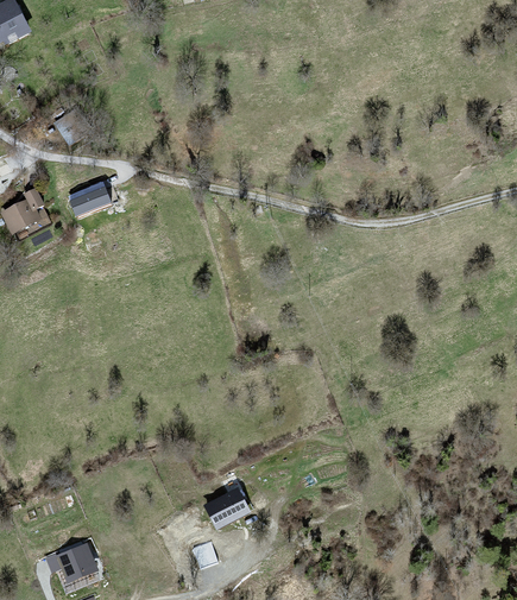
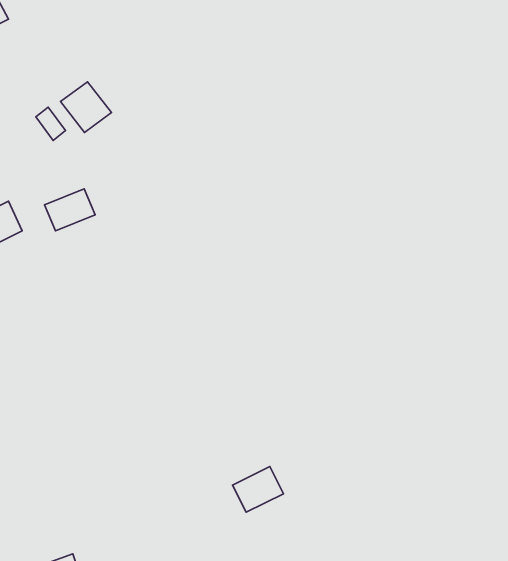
building: none -> [60,82,112,132]
building: [204,482,253,526] -> [233,467,283,512]

